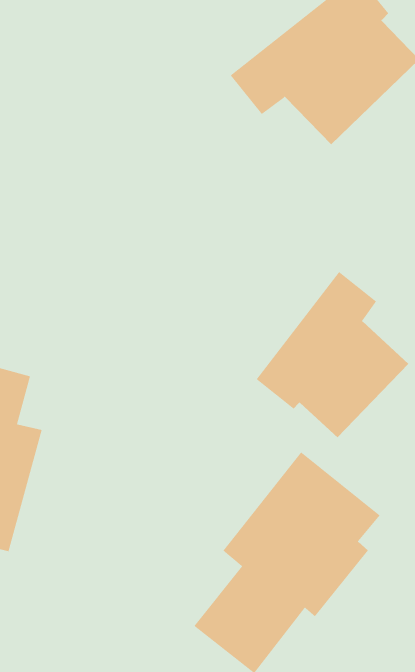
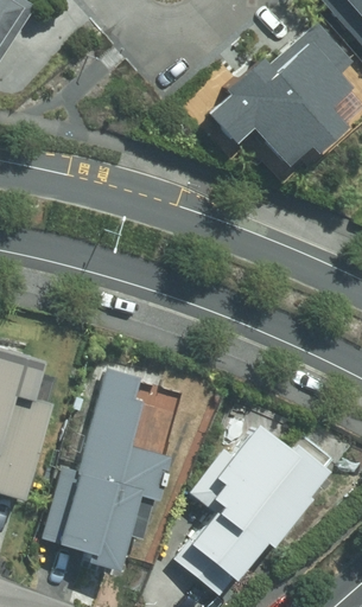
building: [256,271,409,438] -> none
building: none -> [47,370,185,579]

